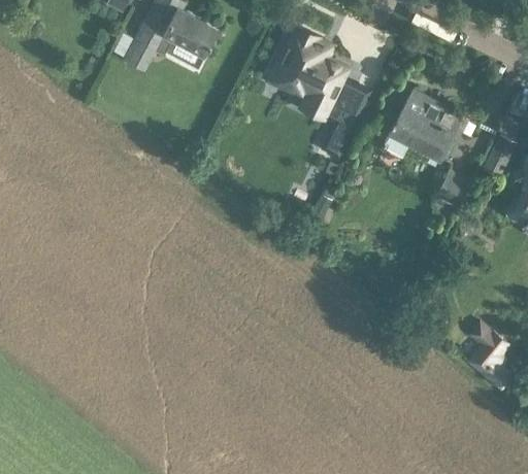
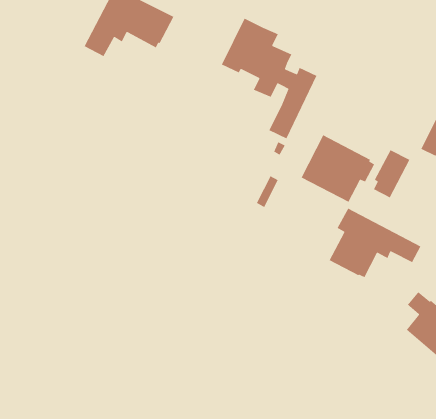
building: [388,90,467,163] -> [301,134,375,203]
building: none -> [328,207,421,278]

